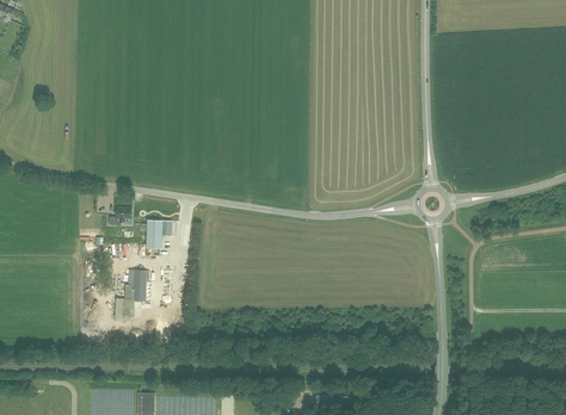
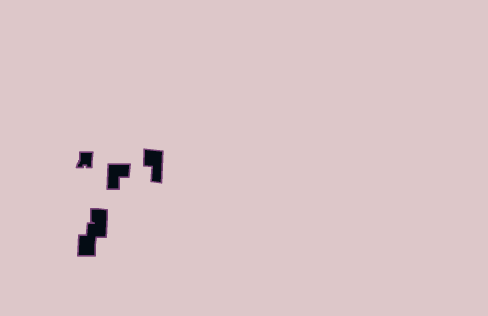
building: none -> [144,149,163,183]

